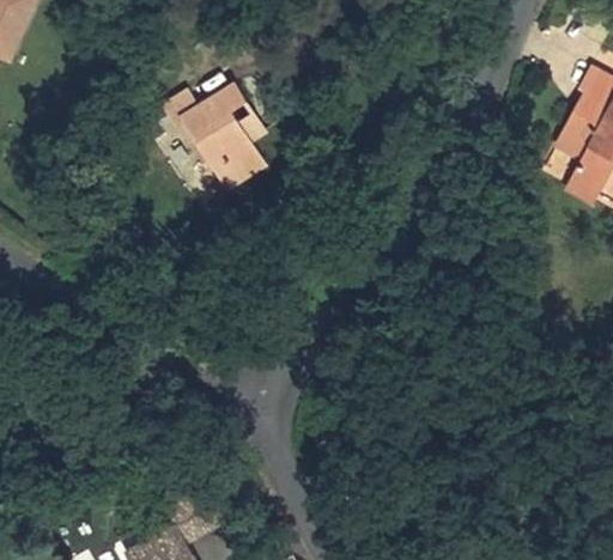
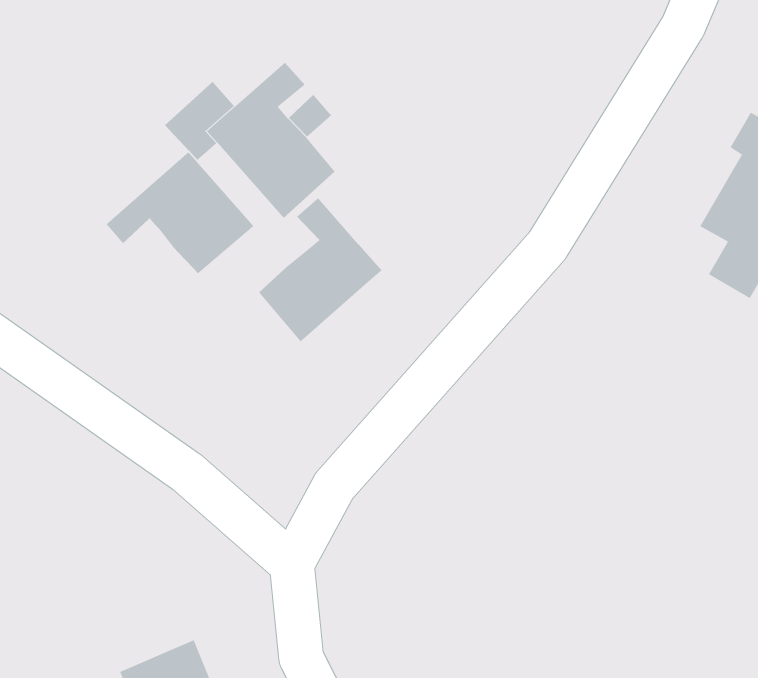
building: none -> [105,151,254,274]
building: none -> [258,197,382,342]

